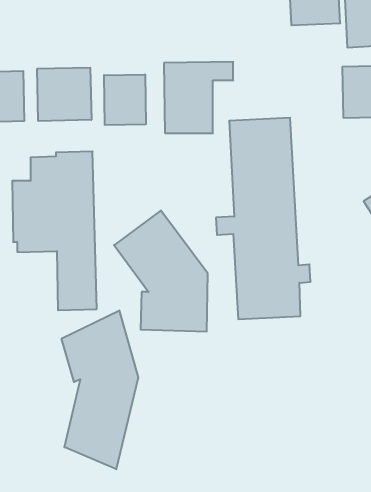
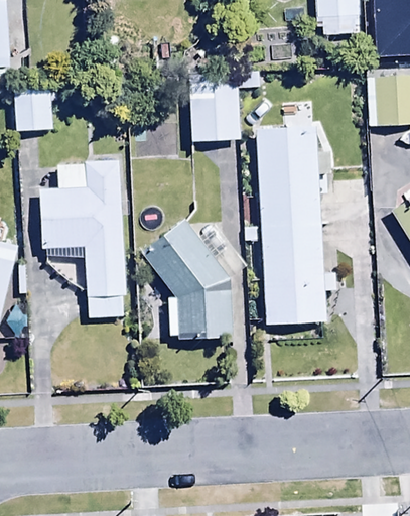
building: [37,68,91,121] -> none
building: [104,74,146,125] -> none
building: [62,310,138,469] -> none

